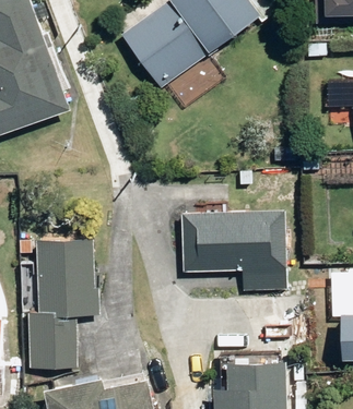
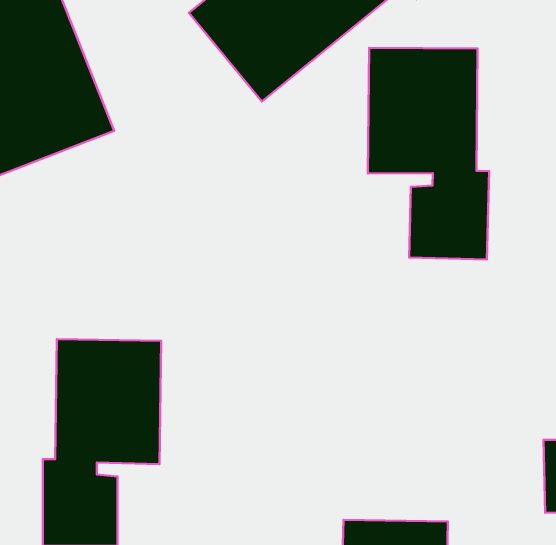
building: none -> [368,48,489,260]
building: [183,214,287,293] -> none

